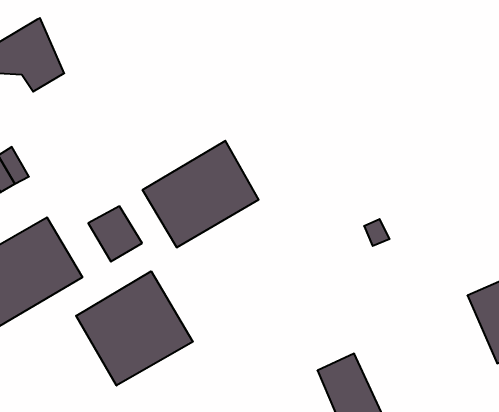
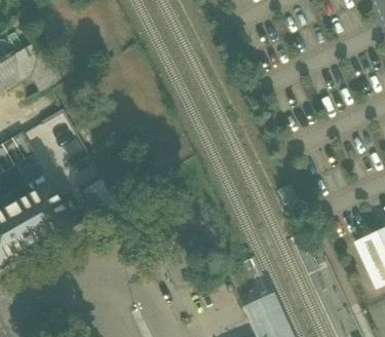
building: [143,141,259,248] -> none
building: [76,271,193,386] -> none

